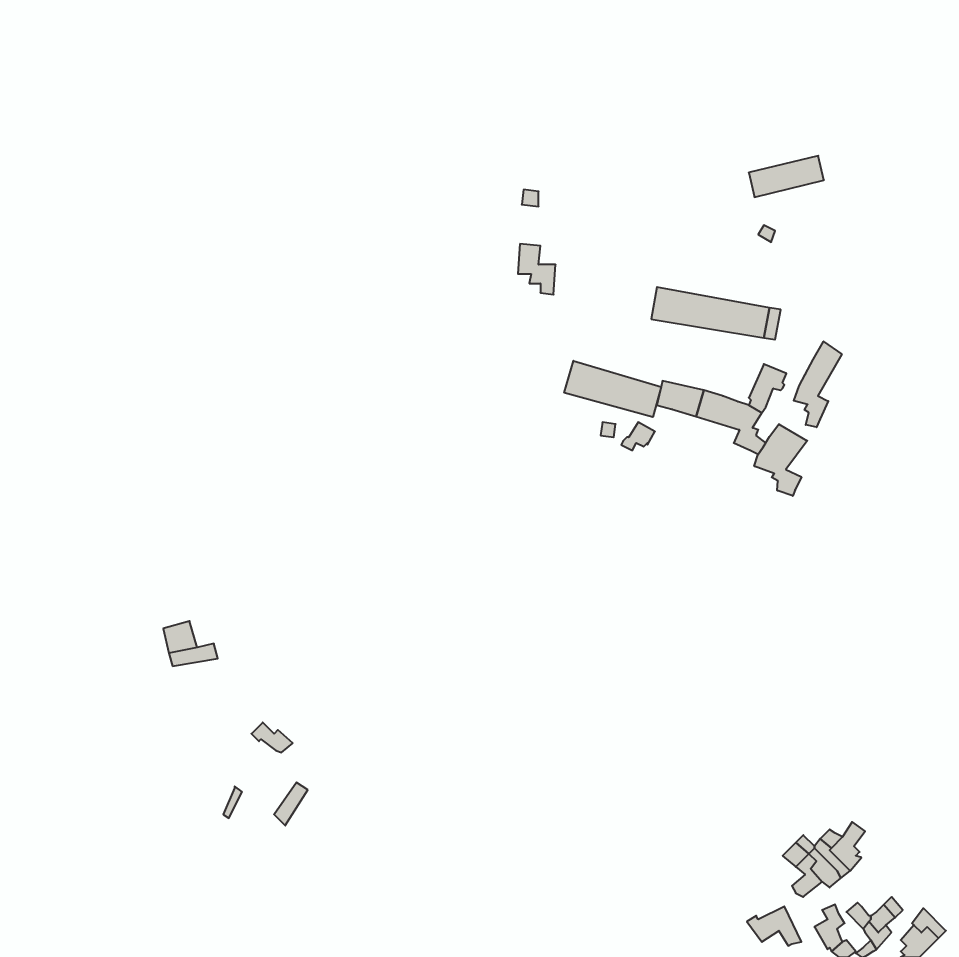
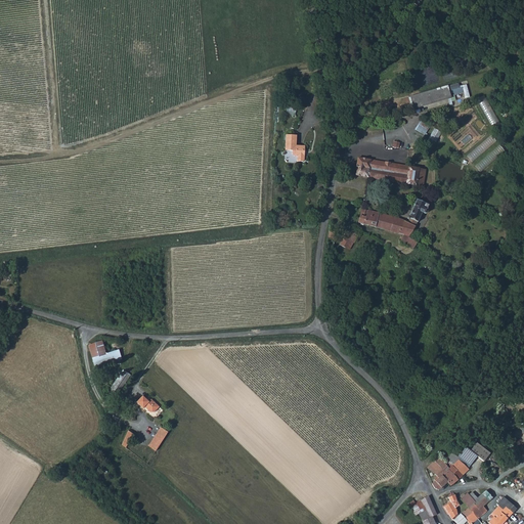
building: [794,341,842,427] -> none
building: [564,361,661,417] -> none
building: [754,424,807,496] -> none

